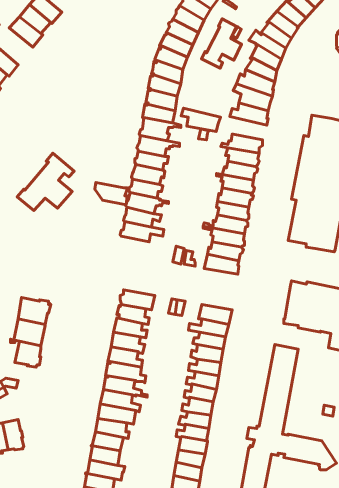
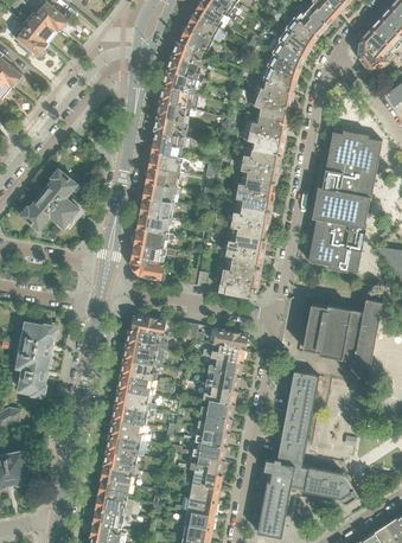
building: [202,19,242,68] -> none
building: [181,108,220,132] -> [243,130,285,155]
building: [95,182,127,205] -> [129,257,164,281]

